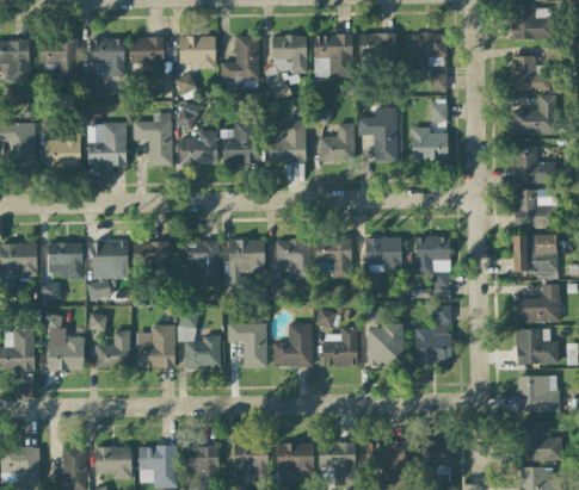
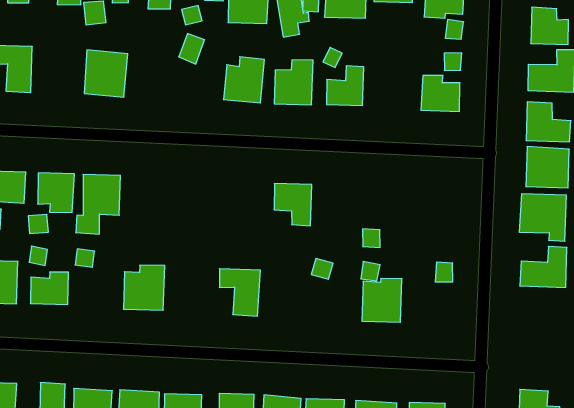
building: [358,106,396,161] -> none
building: [133,112,172,165] -> none
building: [180,130,217,163] -> none
building: [44,135,80,165] -> none
building: [415,235,450,297] -> none
building: [364,236,401,268] -> none
building: [314,237,352,280] -> none
building: [228,238,264,283] -> none
building: [135,240,170,262] -> none
building: [180,240,220,281] -> none
building: [179,310,221,366] -> none
building: [272,322,312,365] -> none
building: [322,325,357,364] -> none
building: [414,327,451,361] -> none
building: [516,328,558,364] -> none
building: [96,329,130,367] -> none
building: [517,373,559,411] -> none

